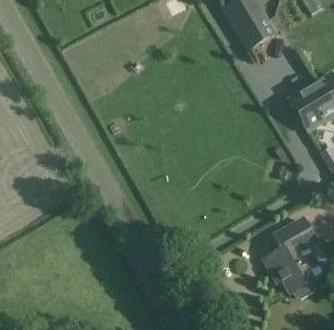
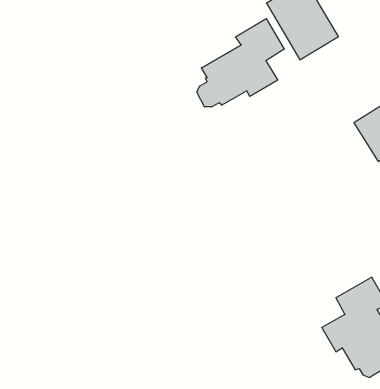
building: none -> [197,19,284,107]

